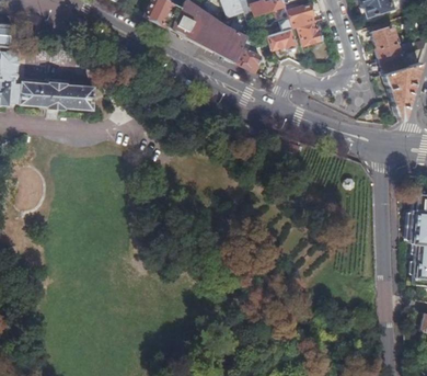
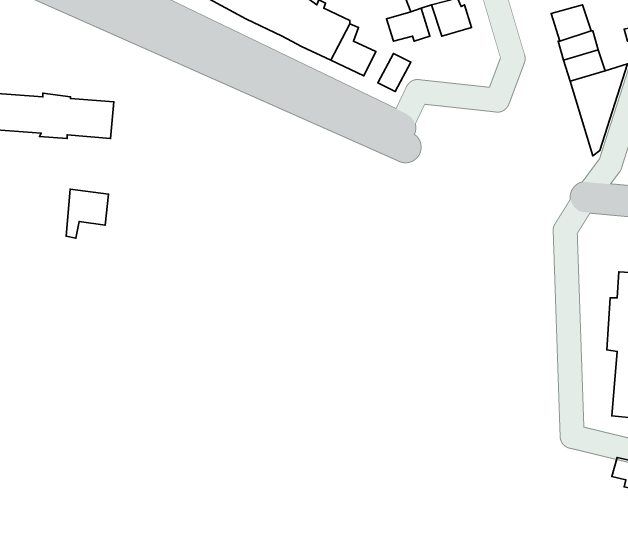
building: none -> [66,189,109,238]

